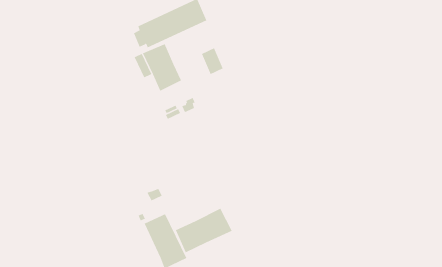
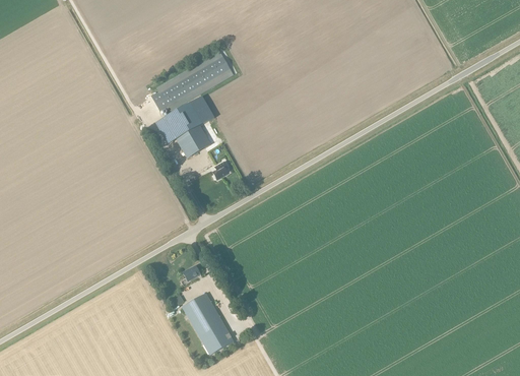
building: [201,48,224,75] -> [189,97,215,127]
building: [175,208,232,253] -> none

